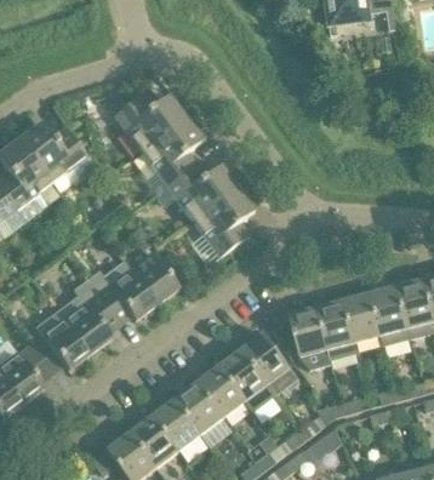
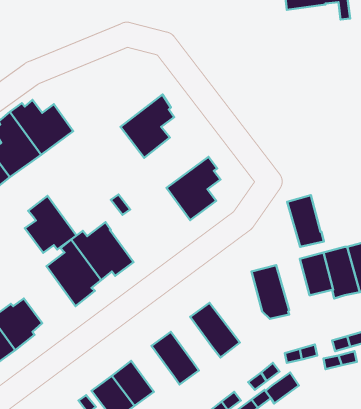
building: [113,95,187,153] -> none
building: [166,165,239,222] -> none
building: [127,253,177,305] -> none
building: [315,302,356,360] -> [287,195,324,247]
building: [30,310,88,375] -> [25,196,76,253]
building: [240,335,297,396] -> none
building: [196,367,244,419] -> none
building: [152,400,200,452] -> none

